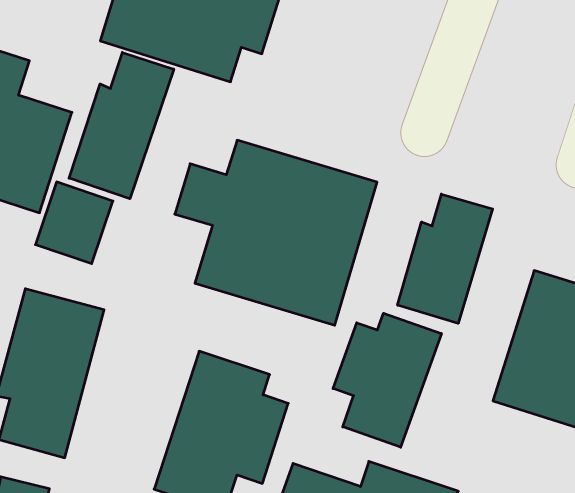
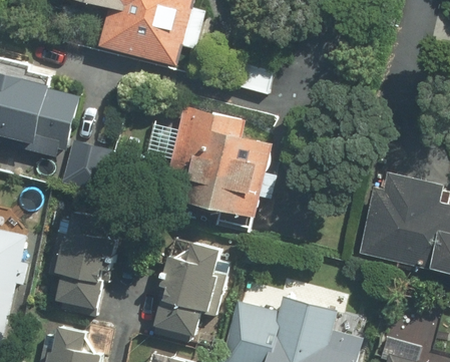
building: [69,52,174,199] -> none
building: [398,194,493,323] -> none
building: [333,313,441,447] -> none

